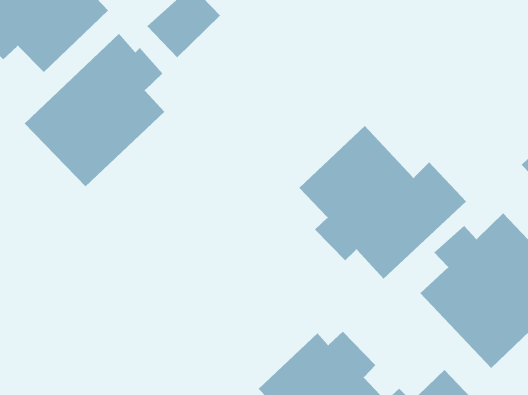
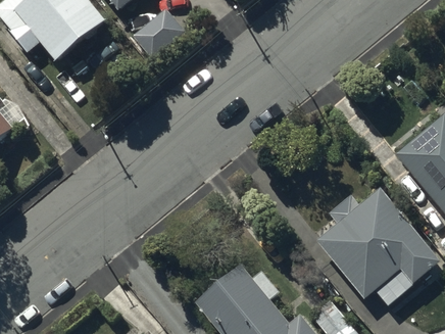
building: [24,33,165,187] -> none
building: [298,125,467,279] -> none

